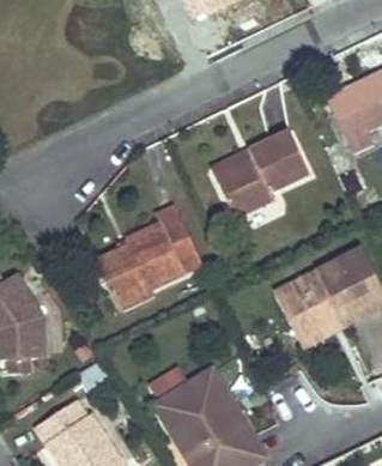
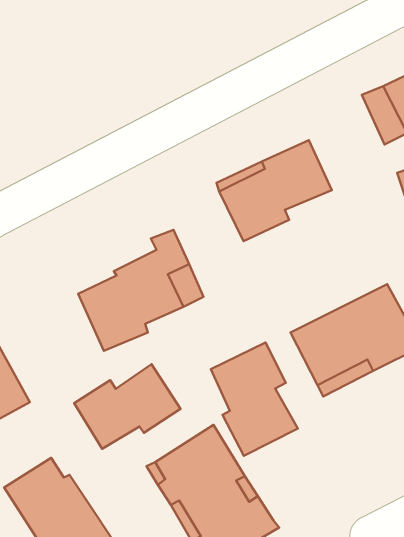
building: none -> [211,343,298,456]
building: none -> [74,364,180,449]

